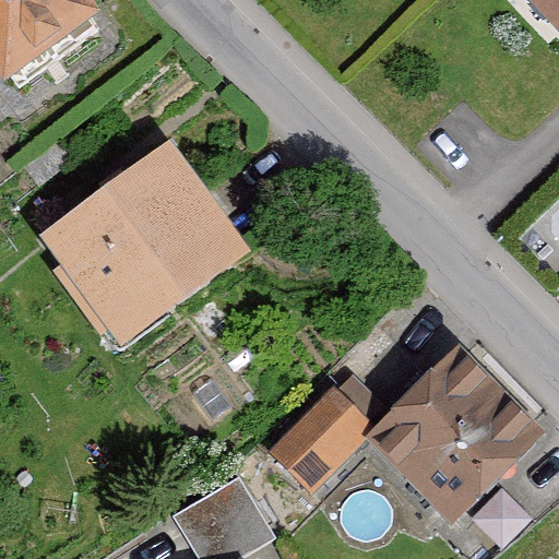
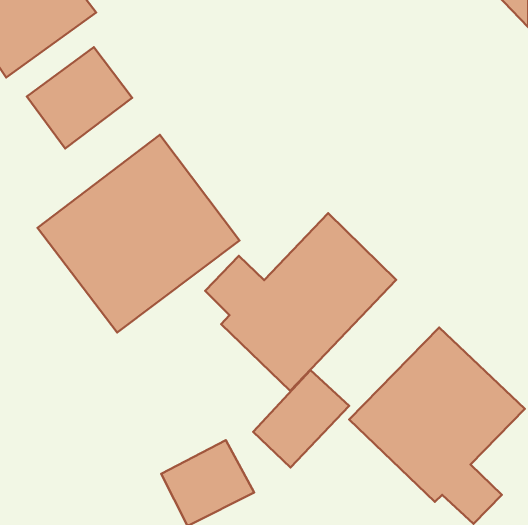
building: none -> [27,47,132,149]
building: none -> [205,213,396,391]

